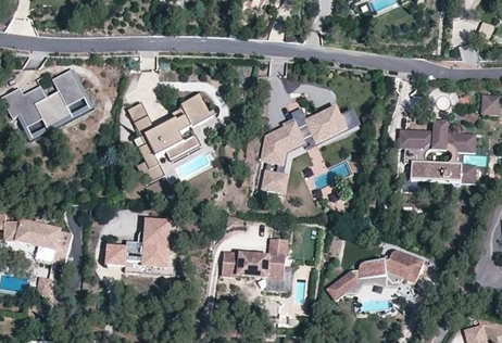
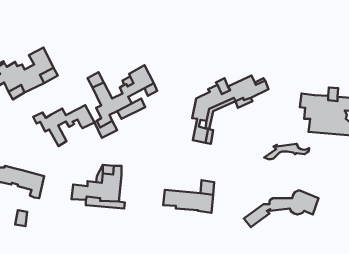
building: none -> [33,105,94,146]
building: [344,275,402,294] -> [264,144,309,159]

